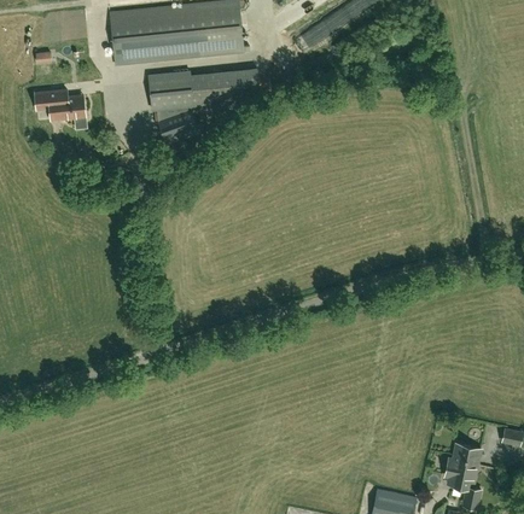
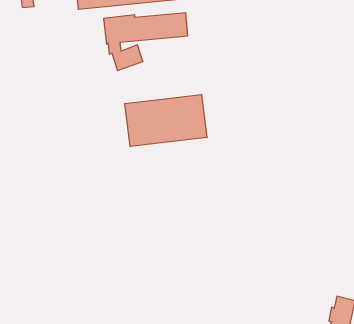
building: [35,89,85,119] -> none
building: none -> [125,94,207,147]

